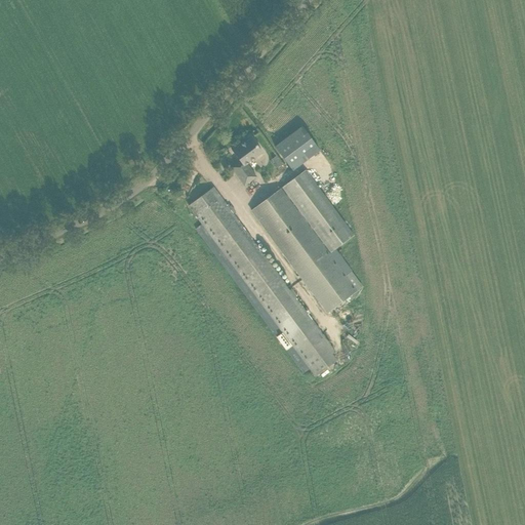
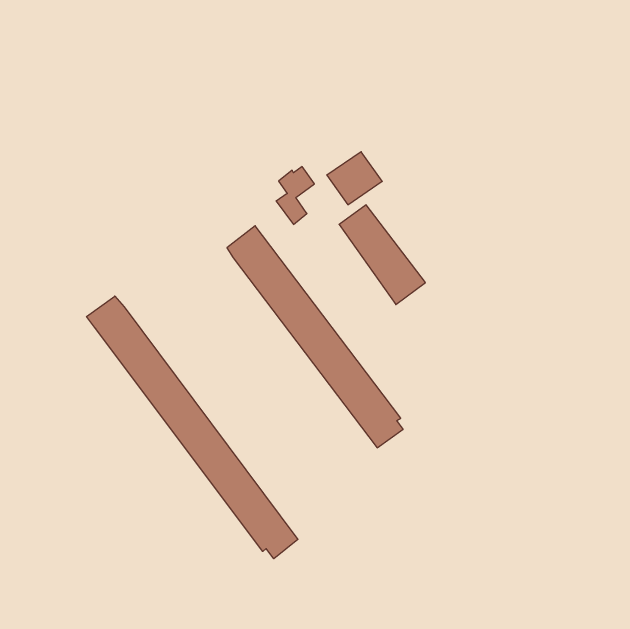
building: [250,188,362,314] -> none
building: none -> [87,296,298,559]

